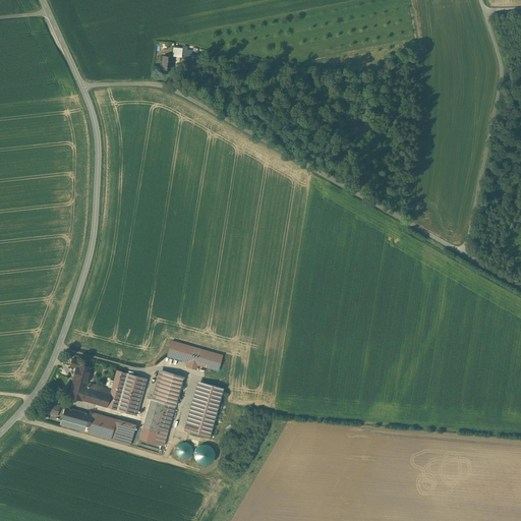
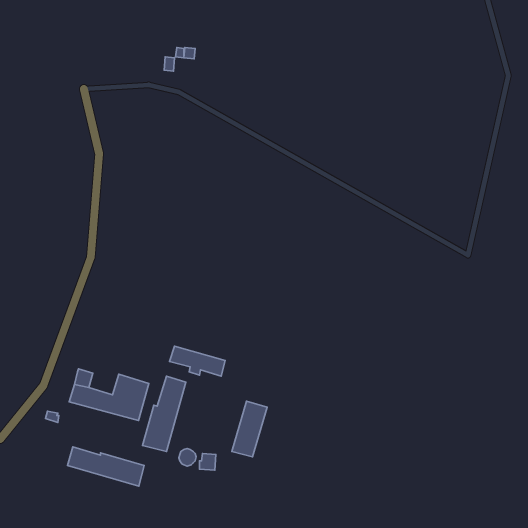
building: [188,382,223,437] -> [232,401,267,457]
building: [60,406,135,445] -> [68,447,144,486]

